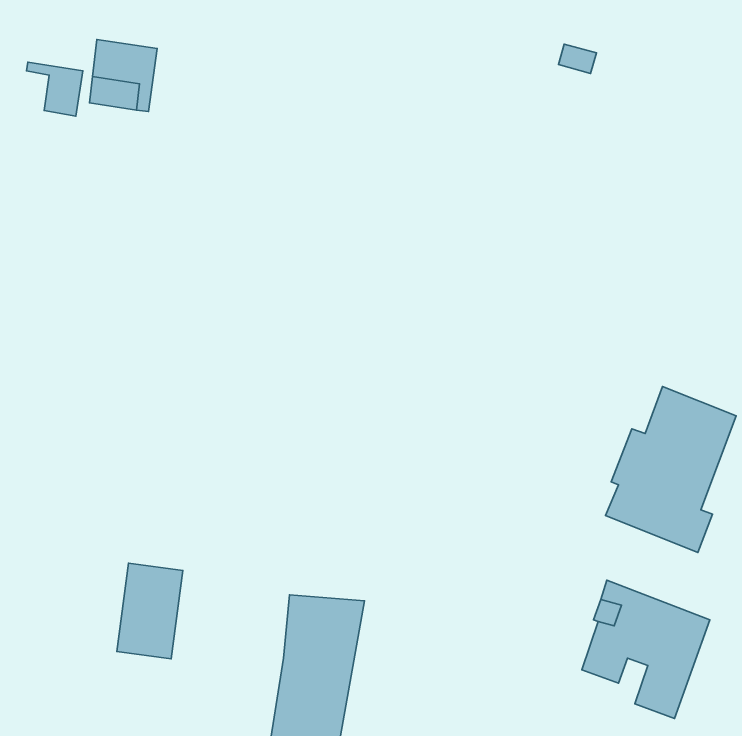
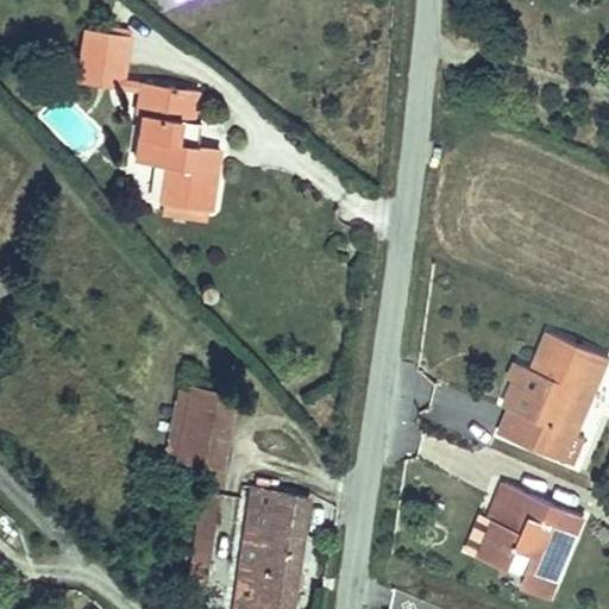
building: [26,62,83,116] -> none
building: none -> [142,100,231,226]
building: [117,563,183,659] -> [184,402,238,479]

